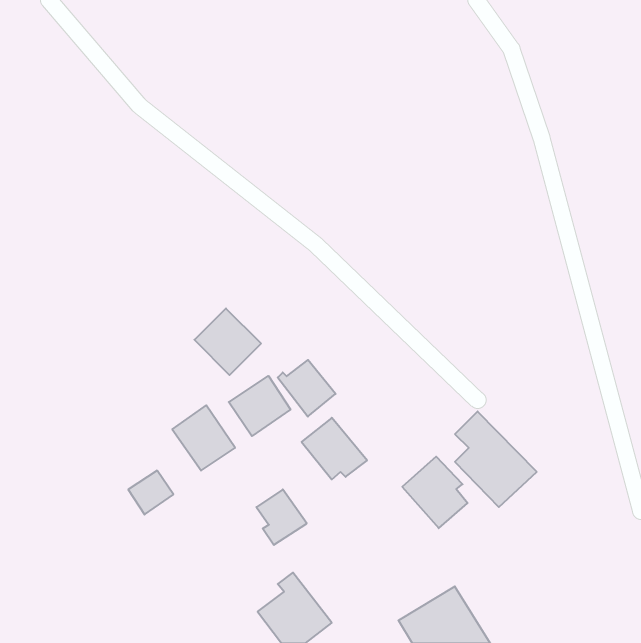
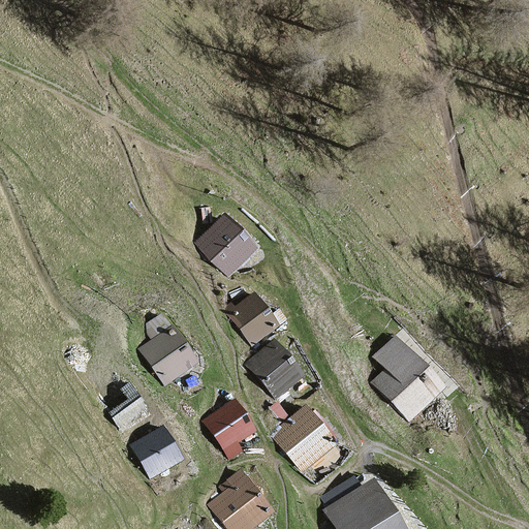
building: [194,308,261,375] -> [198,218,253,273]
building: [229,376,290,436] -> none
building: [402,457,468,528] -> [275,408,329,467]
building: none -> [135,429,182,476]

